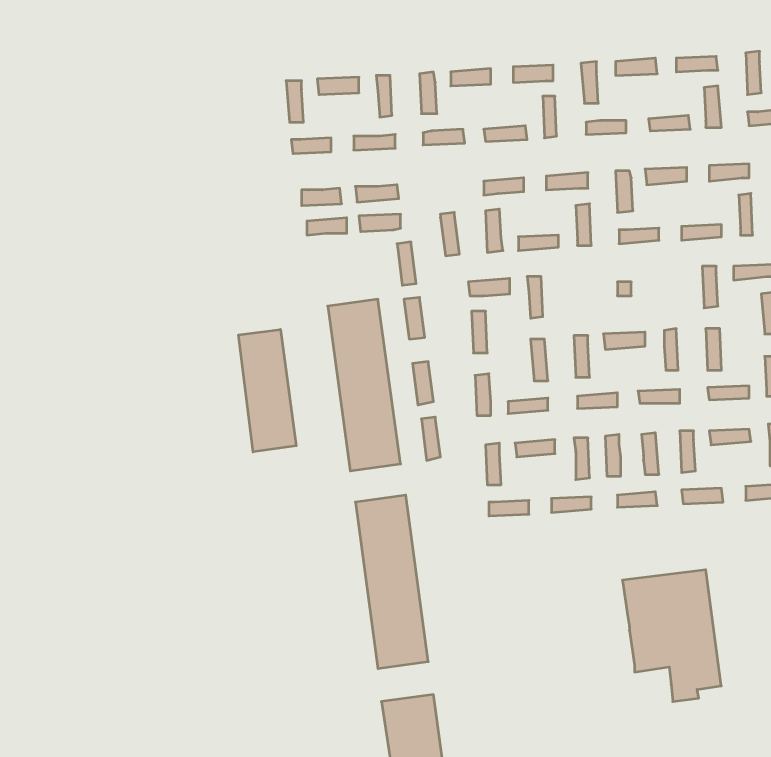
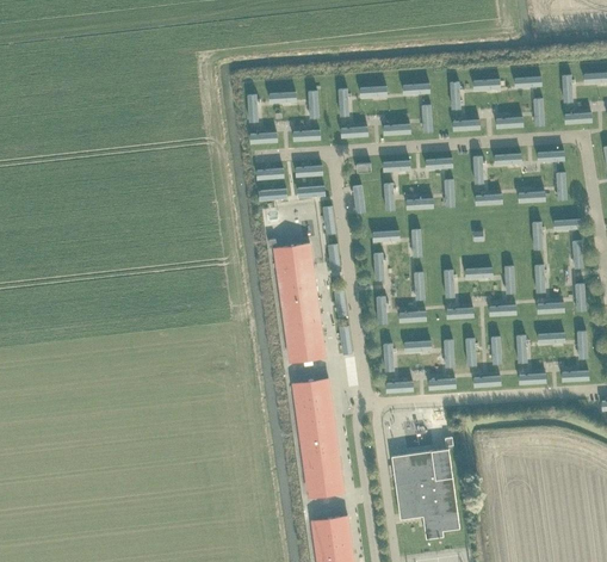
building: [239,329,296,452] -> none
building: [622,570,721,702] -> [391,447,459,538]

